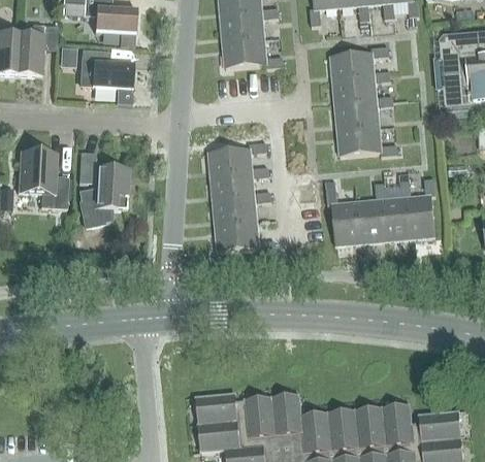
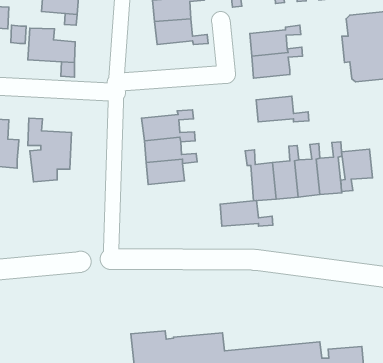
building: [334,96,392,131] -> none
building: none -> [341,149,372,191]
building: [215,223,274,252] -> [220,201,273,226]

